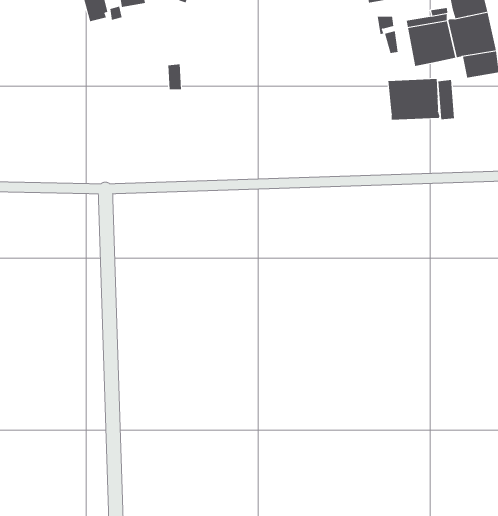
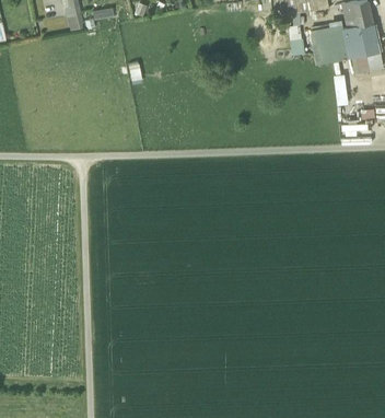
building: [388,78,440,120] -> none

